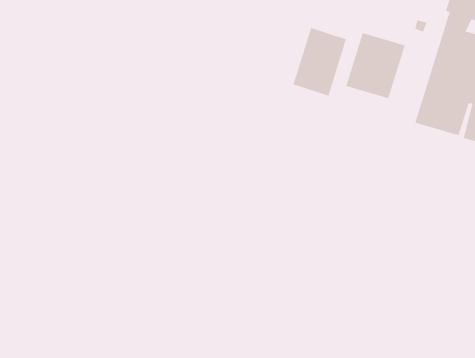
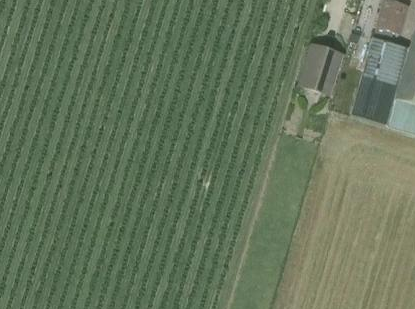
building: [293,27,347,97] -> none

